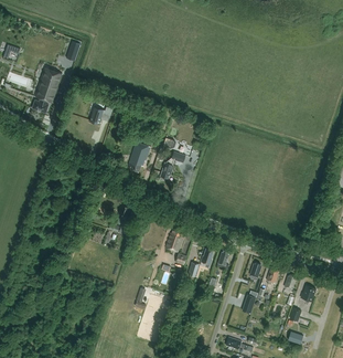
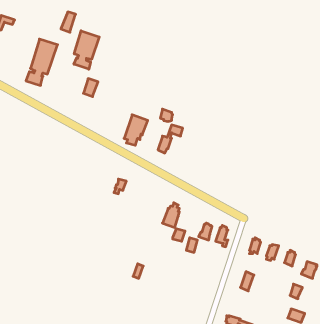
building: none -> [74,31,99,69]

